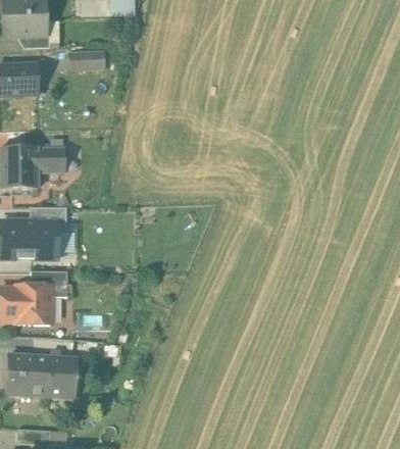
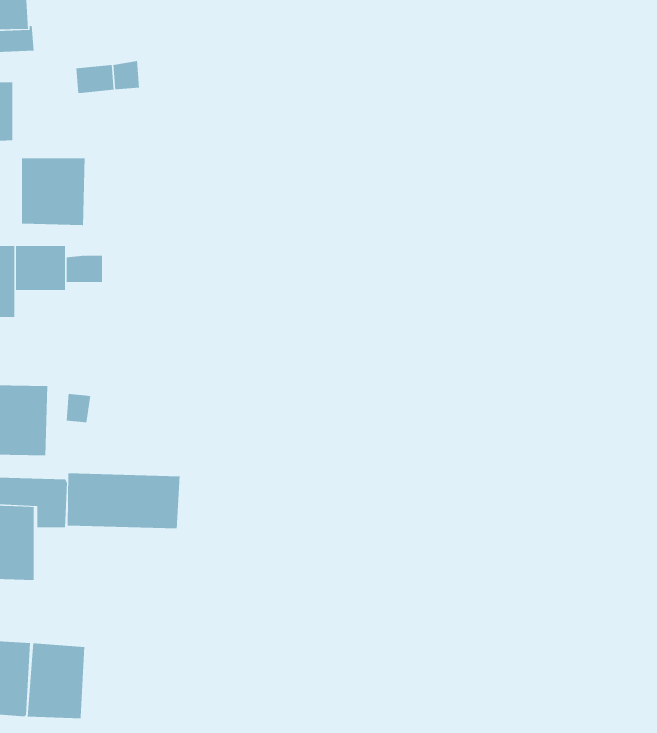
building: none -> [22,157,85,226]
building: none -> [67,472,180,529]

